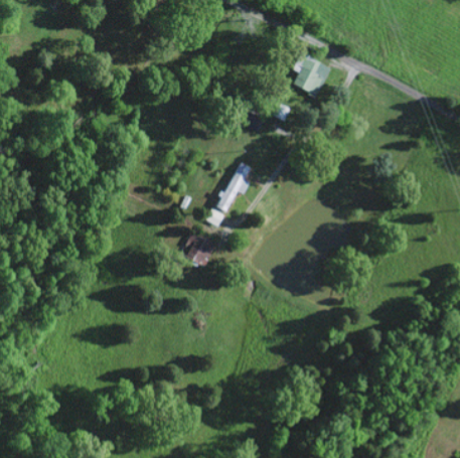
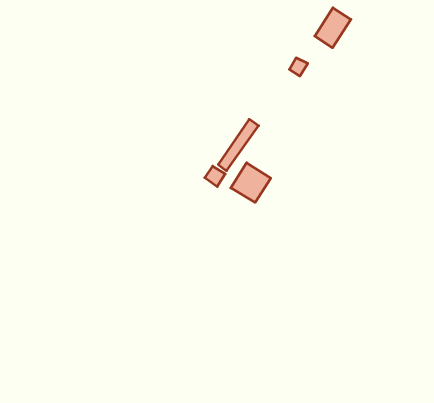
building: [181,233,216,268] -> [231,163,271,202]

